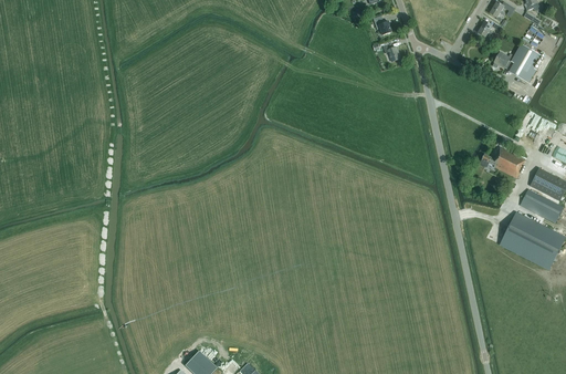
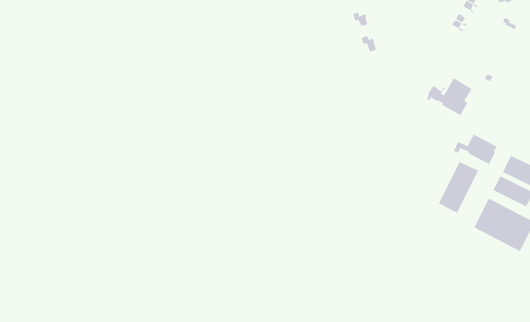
building: [493,43,542,83] -> [426,78,473,116]
building: none -> [438,161,479,214]

